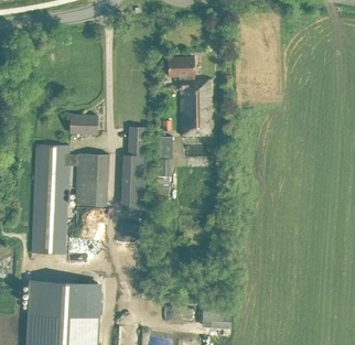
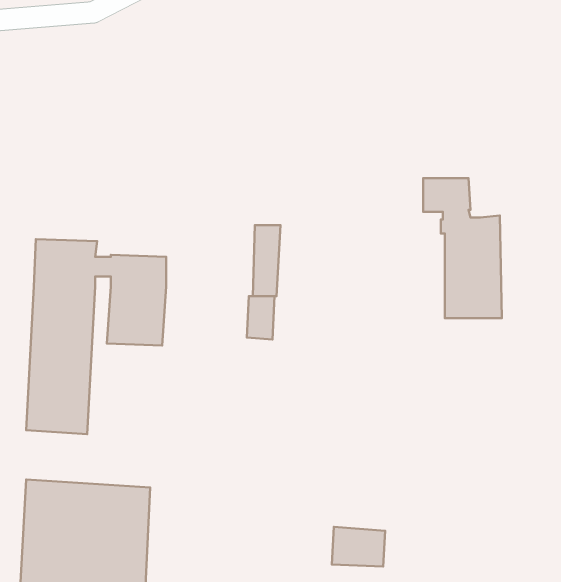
building: [169,57,213,136] -> [423,178,502,318]
building: [71,115,98,133] -> none
building: [120,125,146,208] -> none

